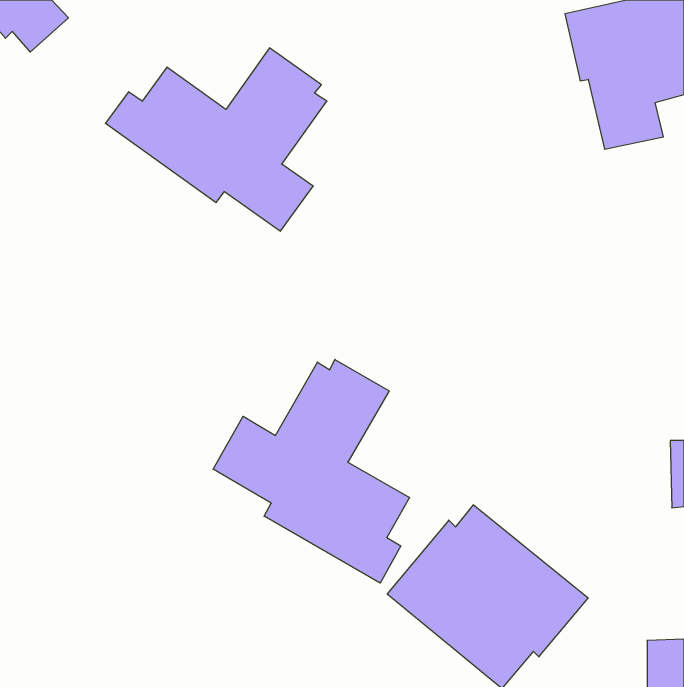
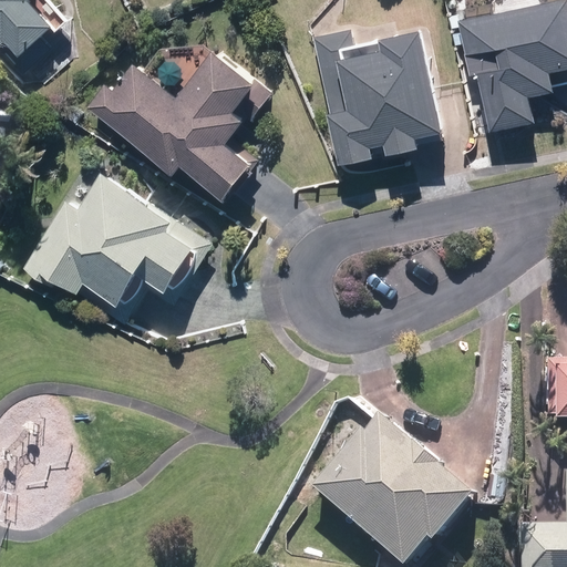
building: none -> [310,33,443,162]
building: none -> [24,175,195,306]
building: [213,359,410,583] -> none

